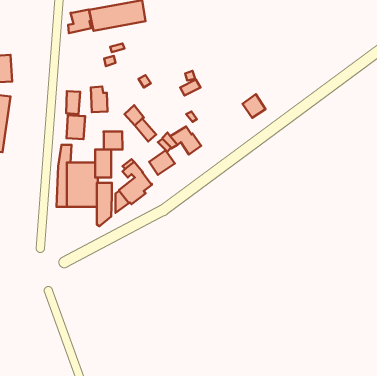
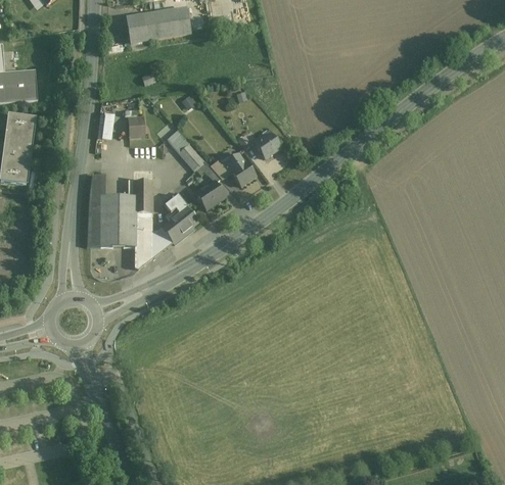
building: [68,10,91,33] -> none
building: [242,94,265,118] -> [254,130,280,157]
building: [66,115,85,139] -> none
building: [103,132,122,149] -> none

